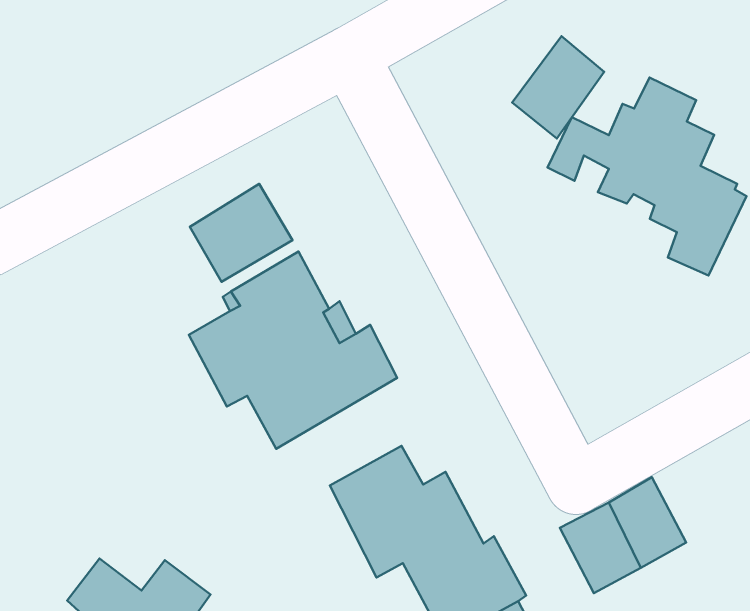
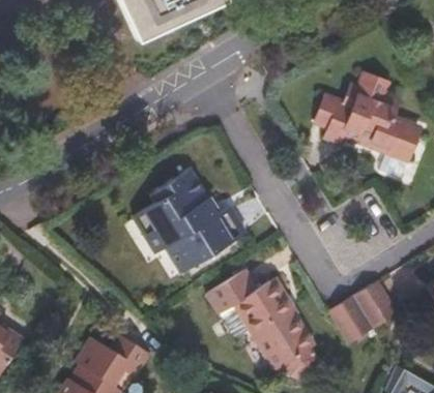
building: [512,36,604,138] -> none
building: [190,184,293,282] -> none

